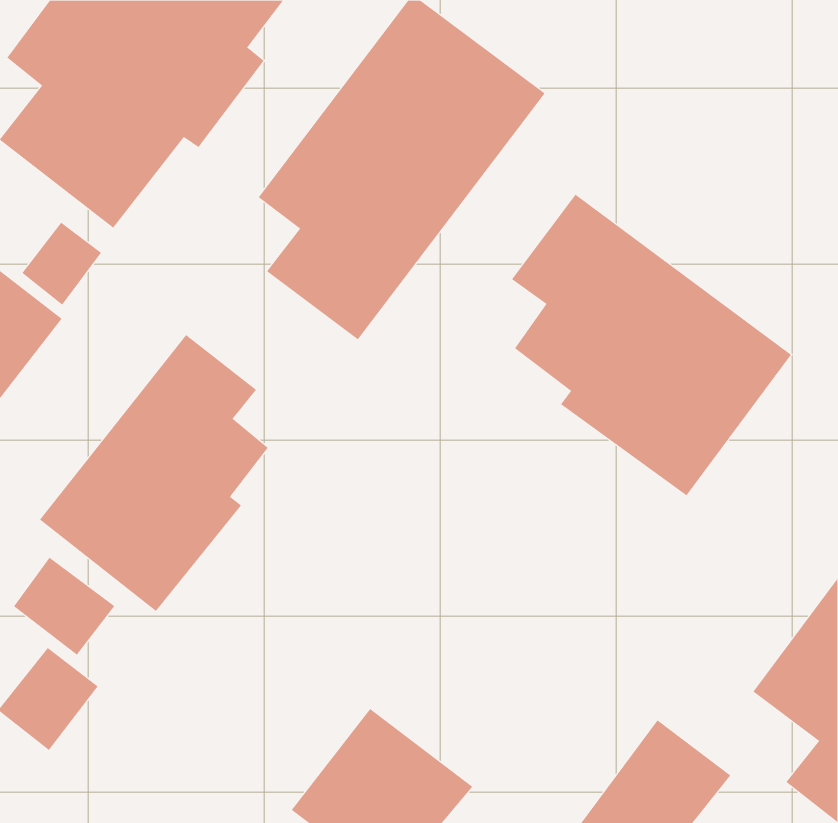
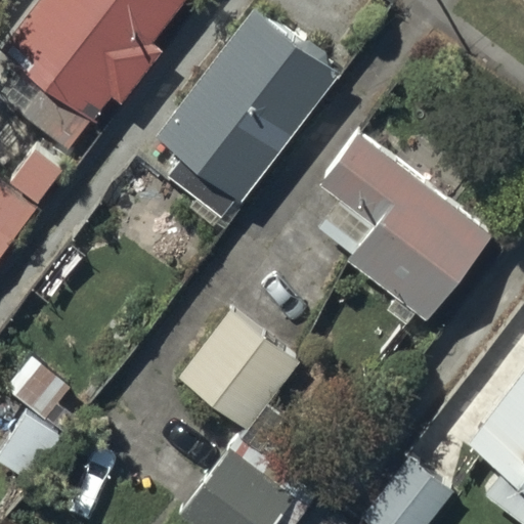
building: [39,334,268,612] -> none
building: none -> [179,310,300,431]

